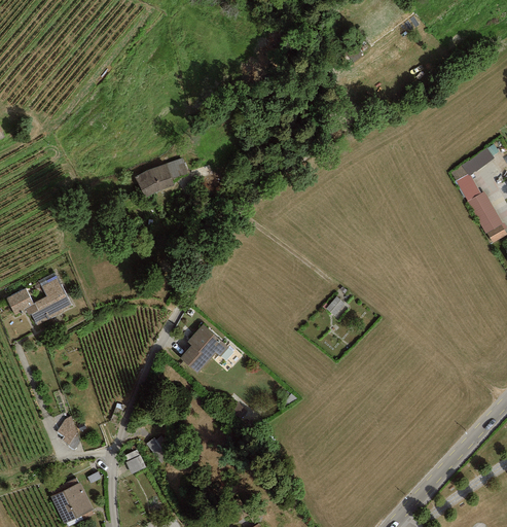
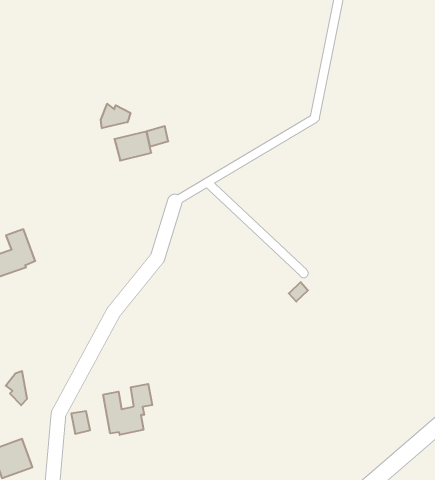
building: none -> [101,104,130,128]
building: [181,324,229,373] -> none
building: none -> [103,384,152,435]

